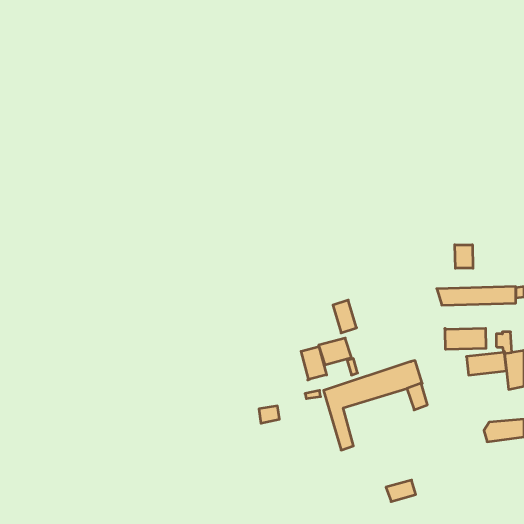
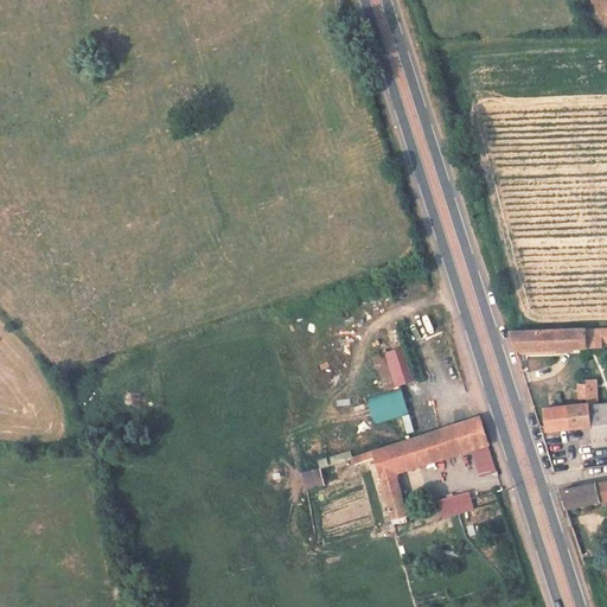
building: [455,245,473,268] -> none
building: [445,328,486,349] -> none
building: [301,346,327,380] -> none
building: [386,480,416,502] -> [437,490,472,515]

